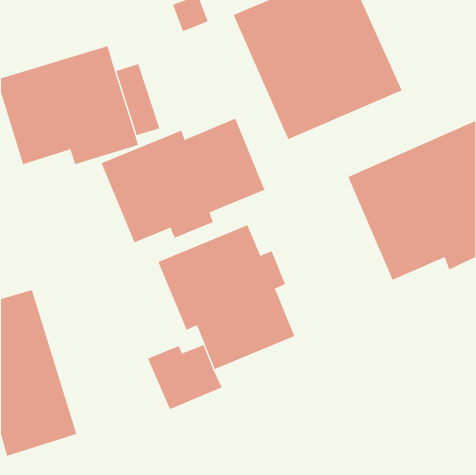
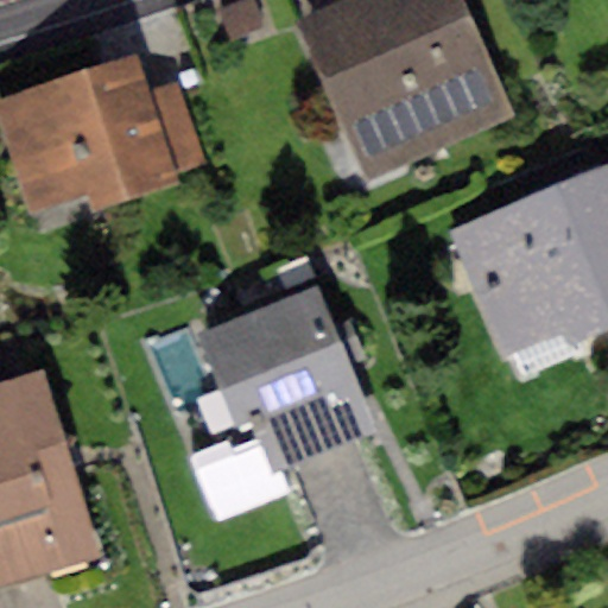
building: [101,118,265,243] -> none

